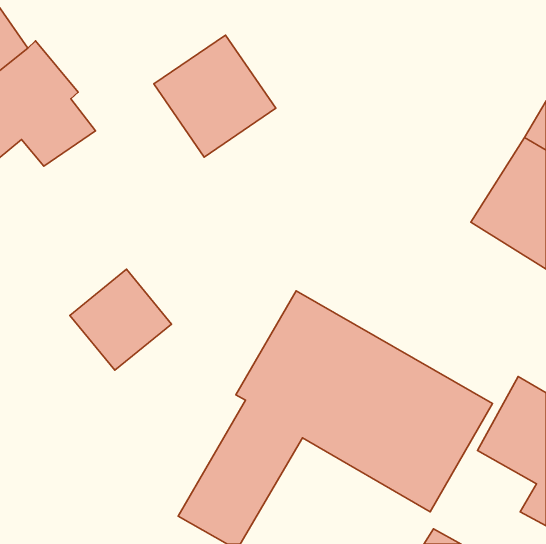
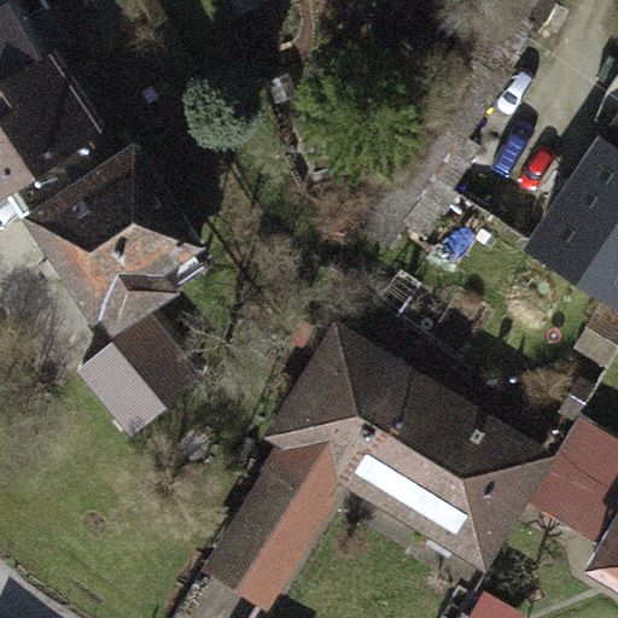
building: [154,35,276,157] -> none
building: none -> [25,134,191,307]

